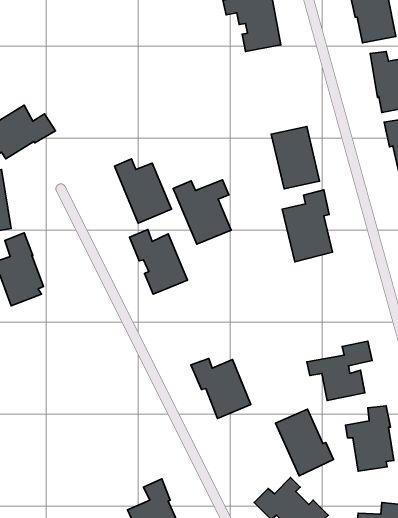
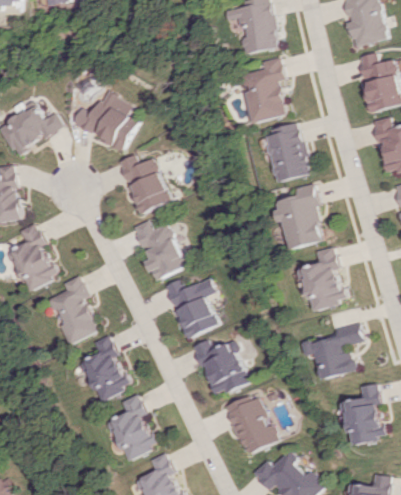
building: none -> [243,55,288,123]
building: none -> [73,91,139,149]
building: [173,180,231,244] -> [165,278,219,338]
building: none -> [296,247,344,311]
building: none -> [45,276,97,343]
building: none -> [75,334,128,402]
building: [275,409,333,476] -> [223,393,277,455]
building: none -> [103,393,156,460]

